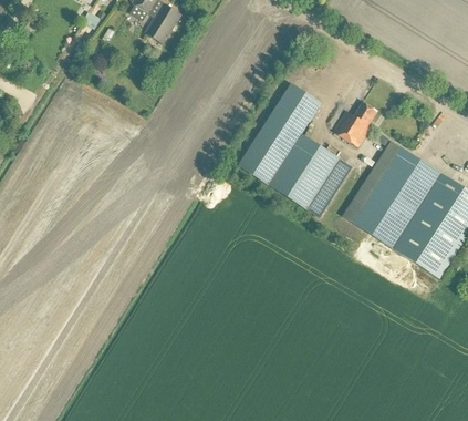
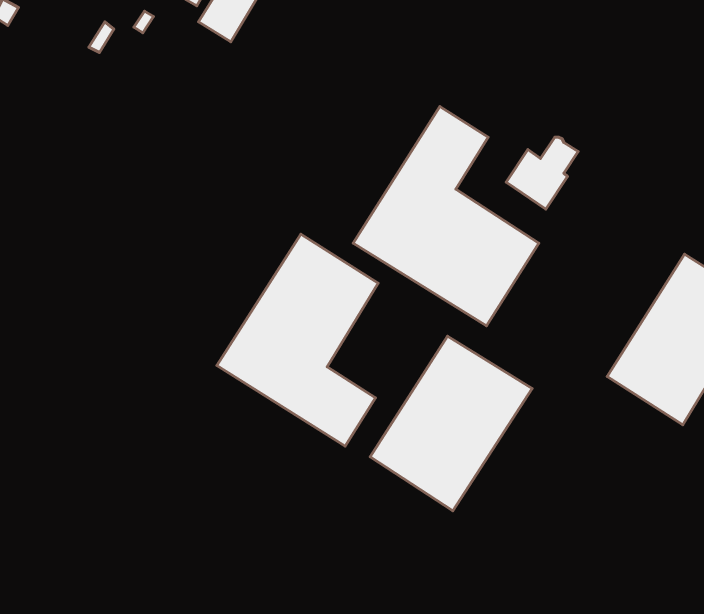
building: [342,141,441,248] -> [370,336,532,511]
building: none -> [217,234,378,446]

